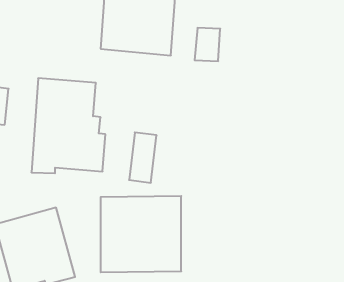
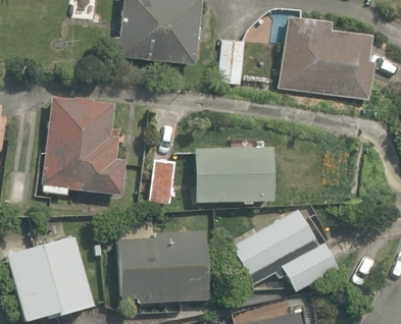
building: none -> [282,24,370,99]
building: none -> [195,152,269,201]
building: none -> [237,217,334,290]

